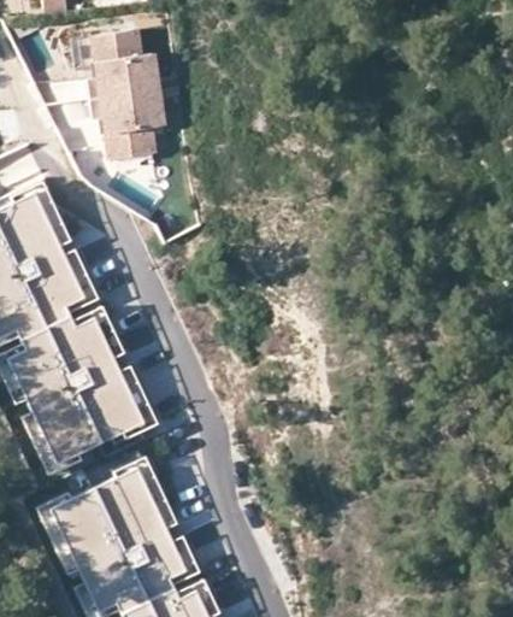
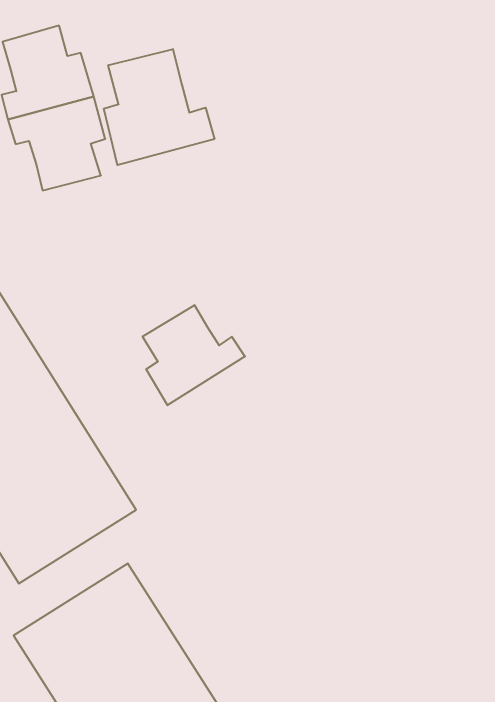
building: none -> [104,49,214,165]
building: none -> [143,305,245,405]

